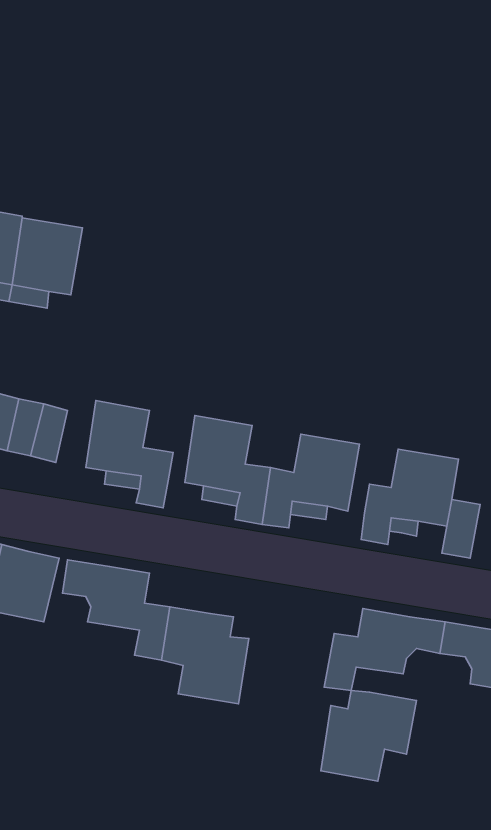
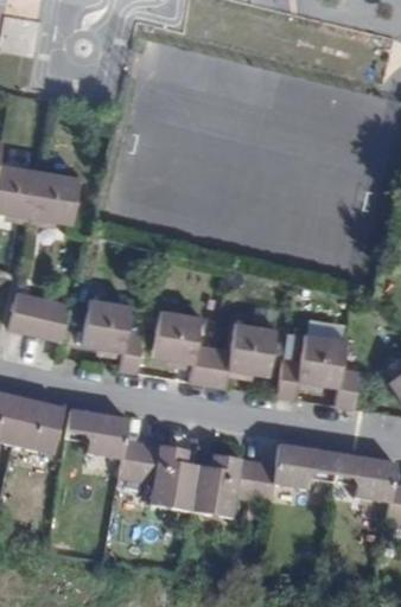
building: [321,691,417,781] -> [191,454,259,518]

